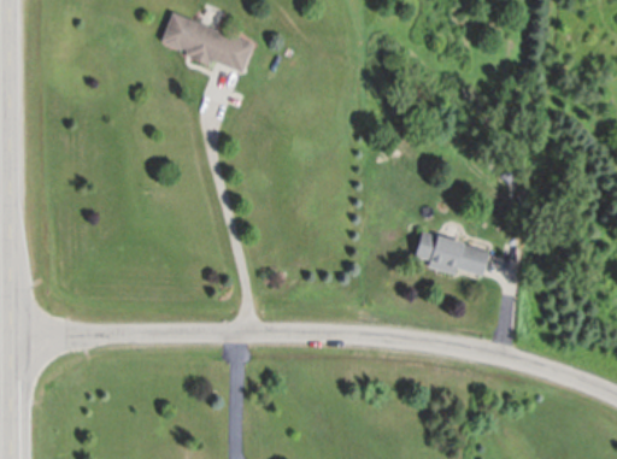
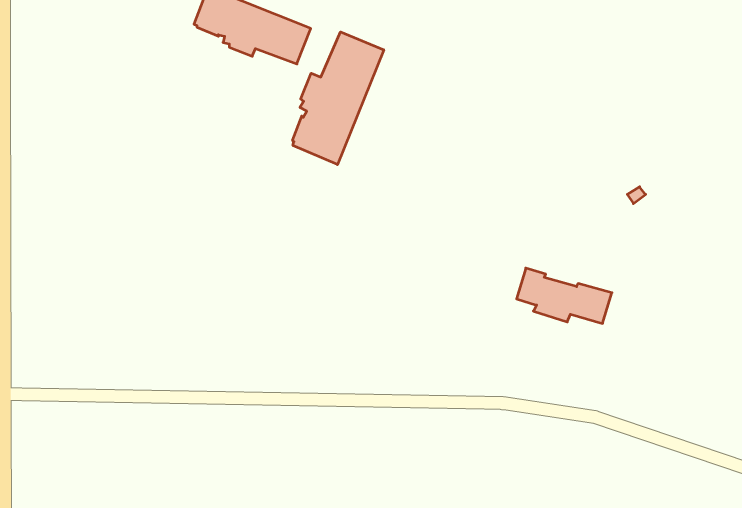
building: none -> [293,32,384,165]

